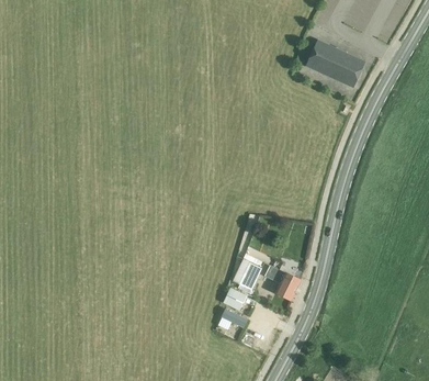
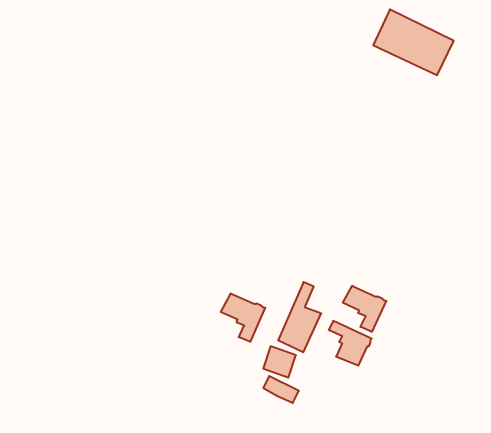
building: none -> [343,286,386,332]
building: none -> [221,293,265,342]

